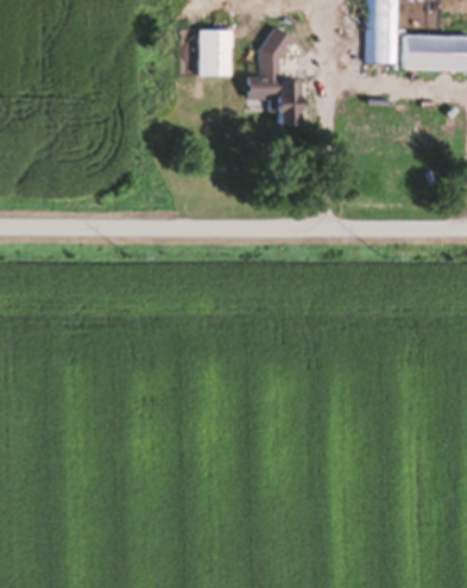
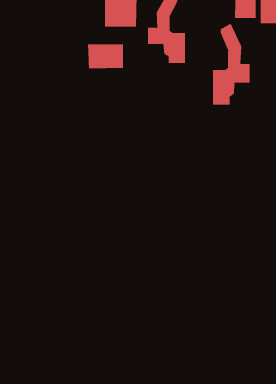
building: none -> [213,23,250,106]
building: none -> [88,44,124,69]

